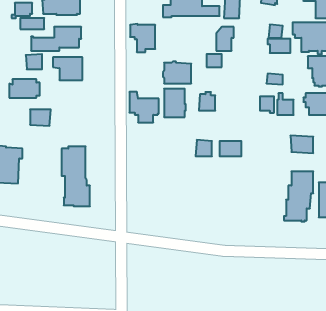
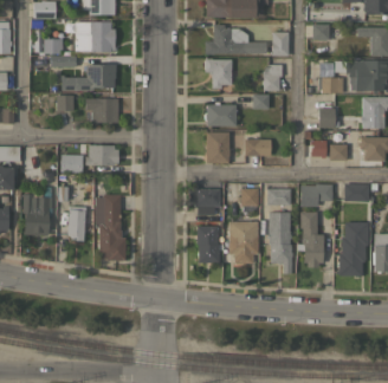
building: [130,24,155,52] -> [206,58,233,89]
building: [9,79,40,98] -> [86,145,119,165]
building: [129,92,159,122] -> [189,182,221,215]
building: none -> [302,184,332,207]
building: none -> [69,206,88,241]
building: none -> [269,212,293,273]
building: none -> [298,212,324,268]
building: none -> [229,221,259,264]
building: none -> [198,226,220,262]

